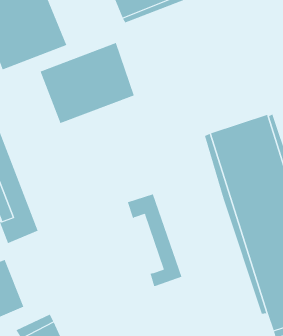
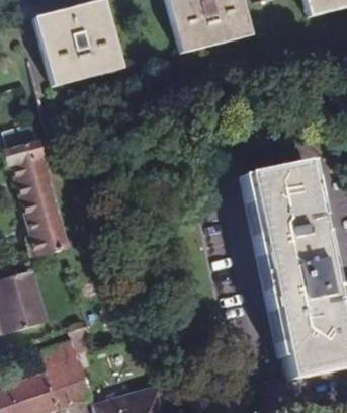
building: [40,42,134,124] -> none
building: [127,194,182,287] -> none

